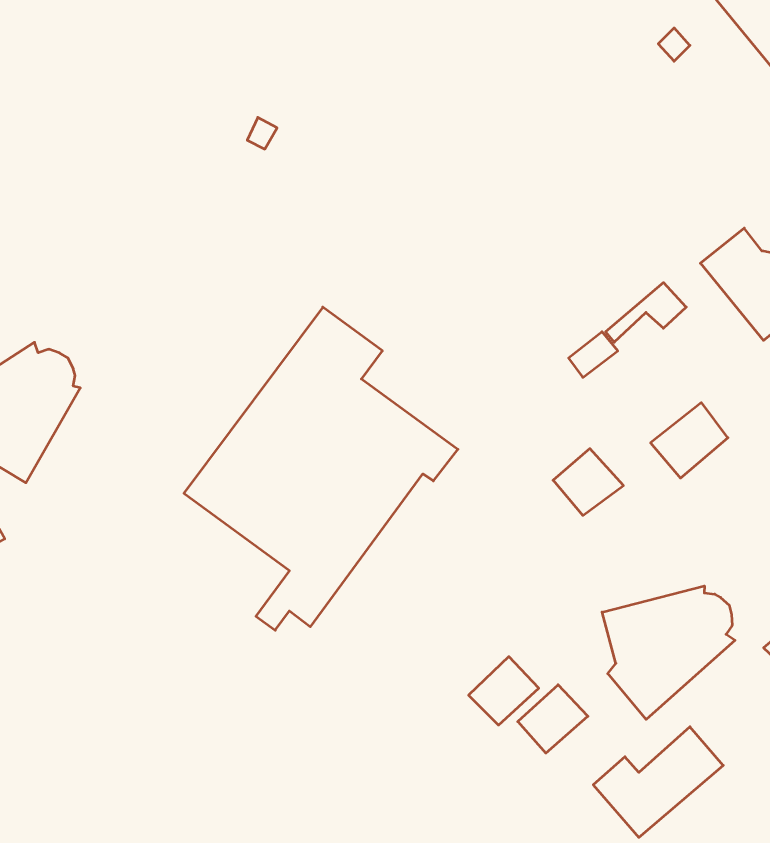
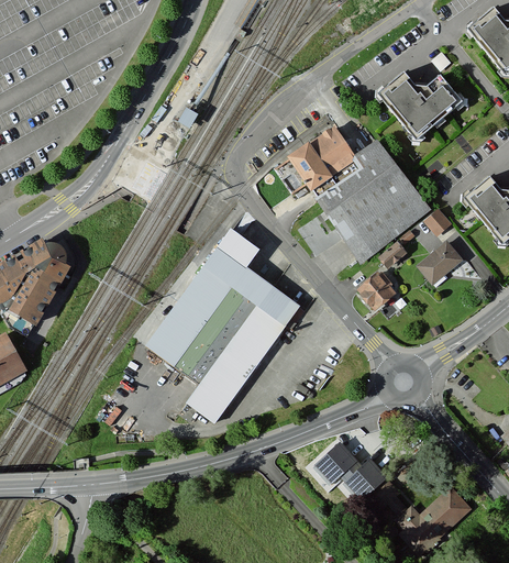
building: none -> [374,68,461,139]
building: none -> [278,130,430,257]
building: [651,403,728,478] -> [416,240,464,287]
building: [553,449,623,515] -> [355,269,399,311]
building: [602,586,735,719] -> none

